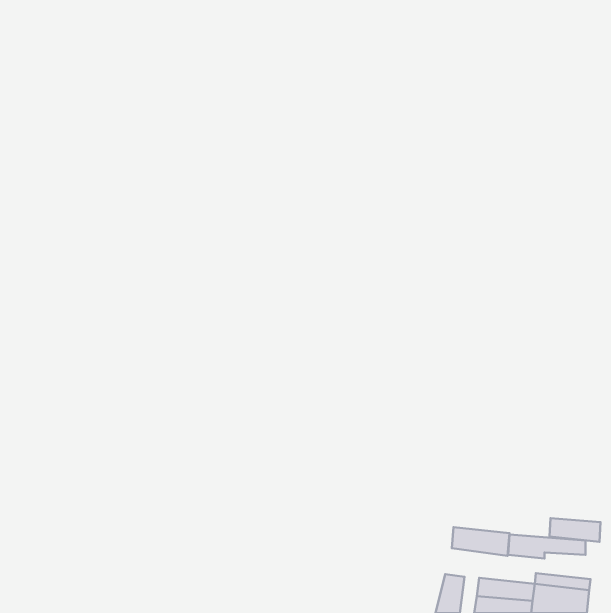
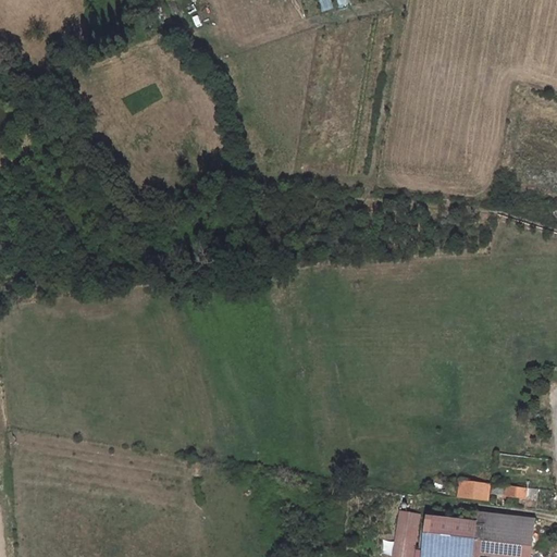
building: [549,518,601,542] -> none
building: [452,527,509,556] -> none

